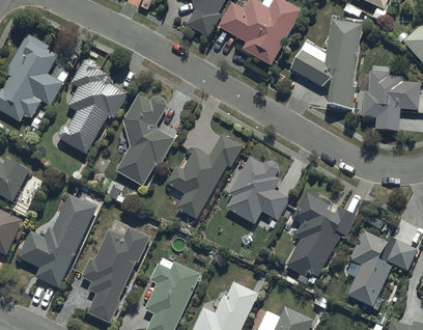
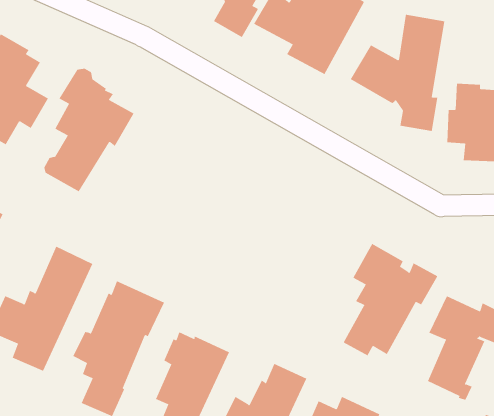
building: [116,94,174,186] -> none
building: [167,134,242,219] -> none
building: [226,157,289,225] -> none

